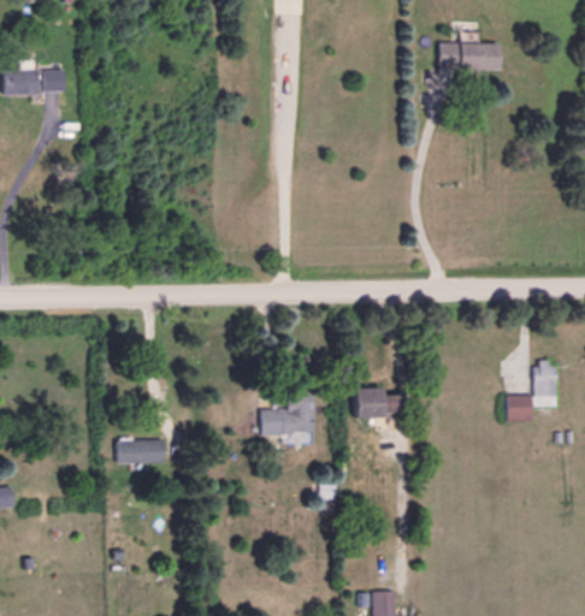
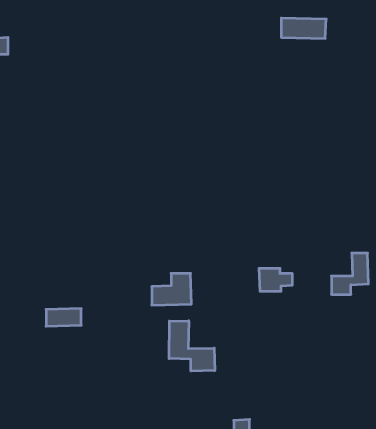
building: [354,389,400,420] -> [259,268,292,291]
building: none -> [169,321,215,371]

